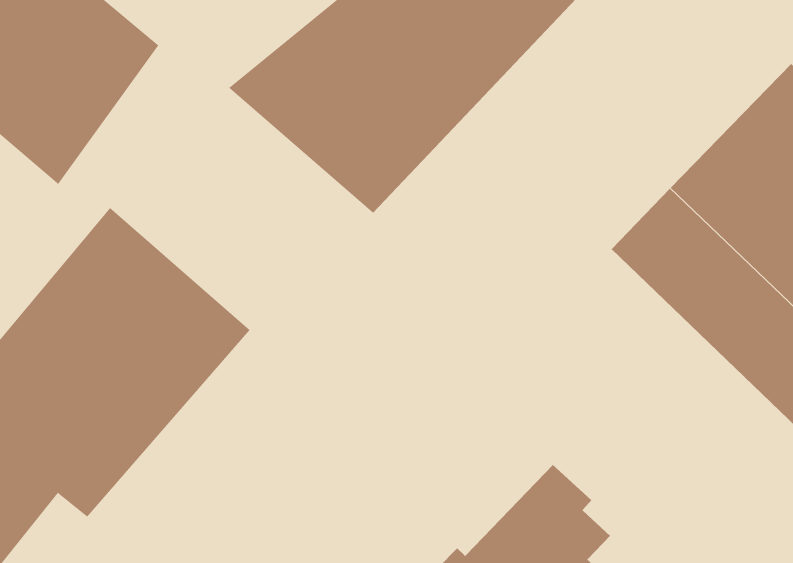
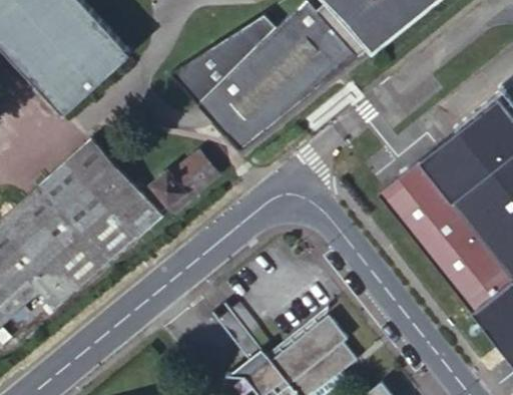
building: none -> [153,152,219,212]

